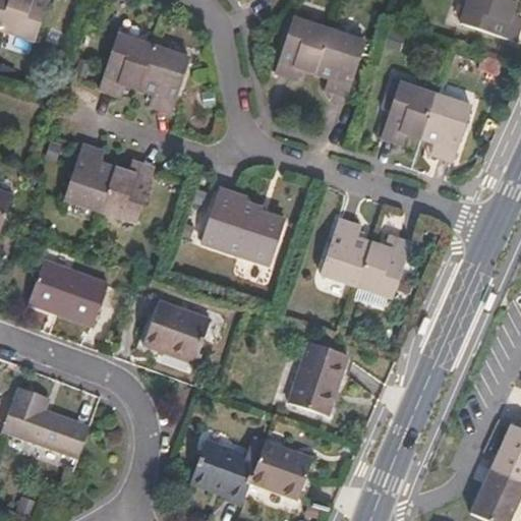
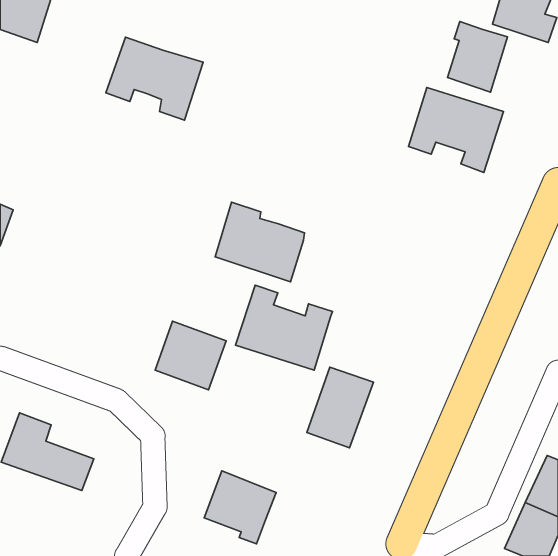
building: [276,13,365,95] -> none
building: none -> [447,22,507,92]
building: [65,146,154,222] -> none
building: [320,218,410,297] -> [235,285,333,370]
building: [30,258,109,326] -> none
building: [247,444,309,502] -> none

